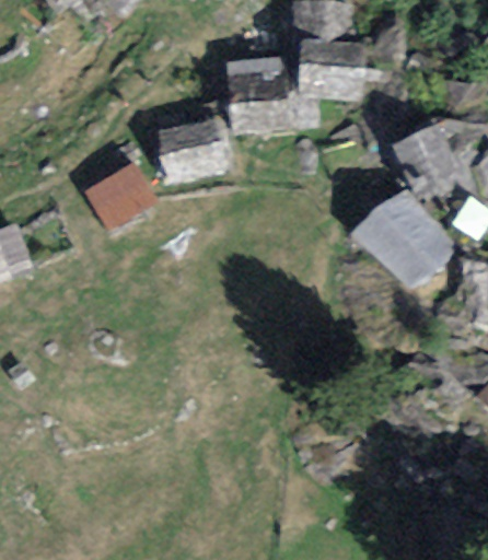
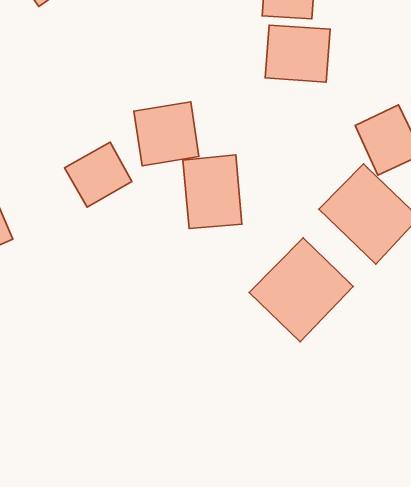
building: [226,55,289,132] -> [183,155,242,228]
building: none -> [249,238,353,342]

